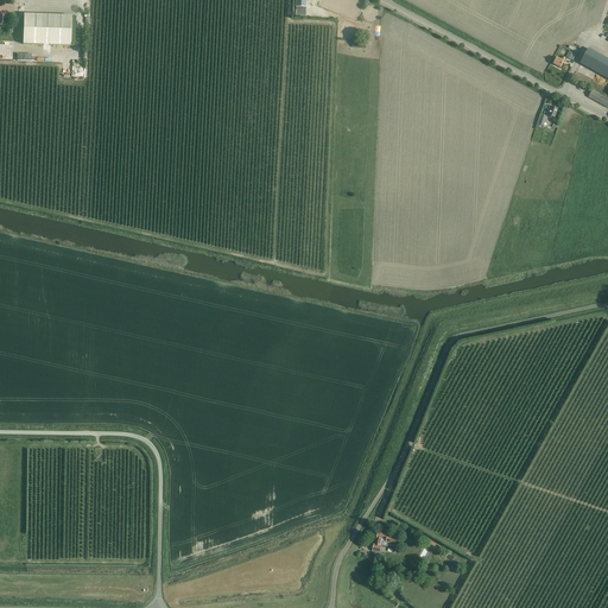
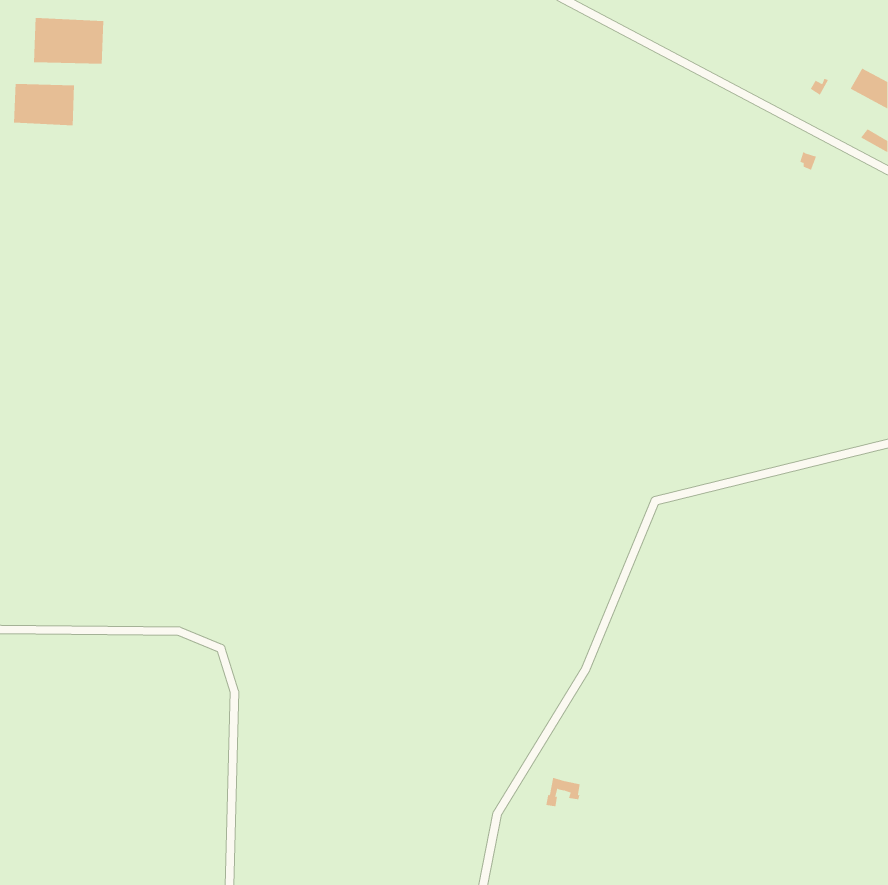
building: none -> [14,83,75,126]

